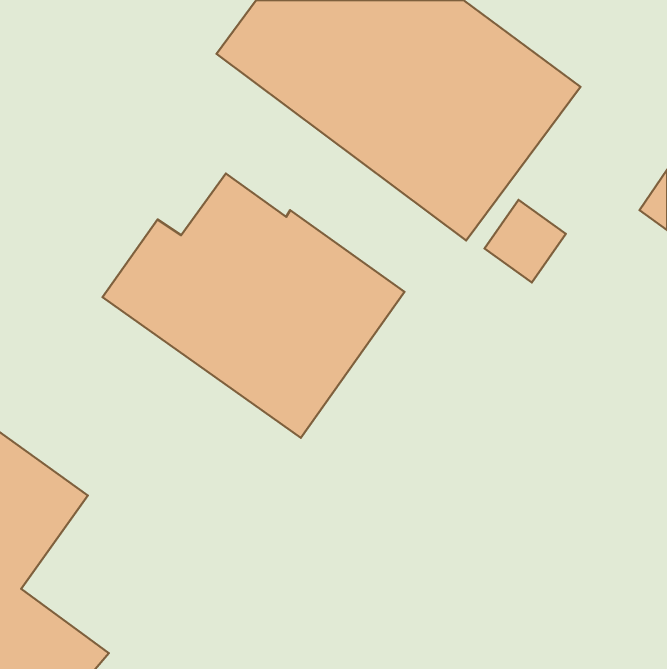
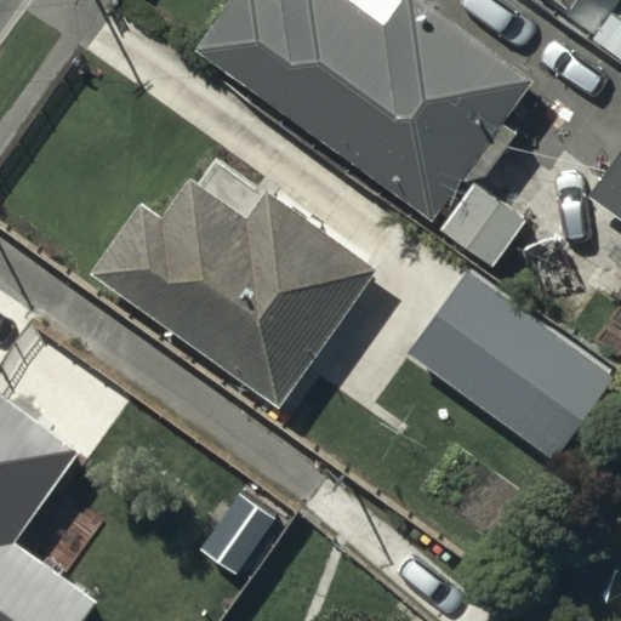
building: none -> [406,266,611,450]

